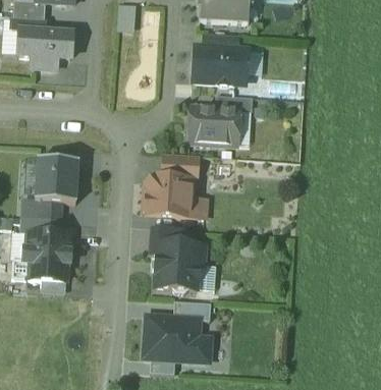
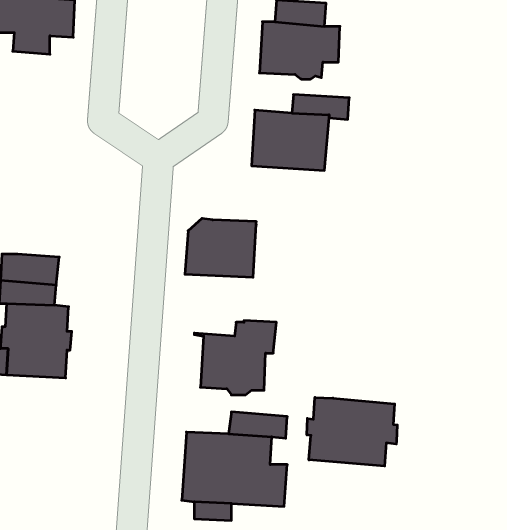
building: [163,153,198,180] -> none
building: [35,162,79,203] -> none
building: [151,225,184,254] -> none
building: none -> [307,397,397,466]

